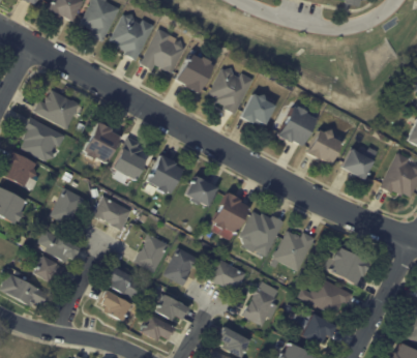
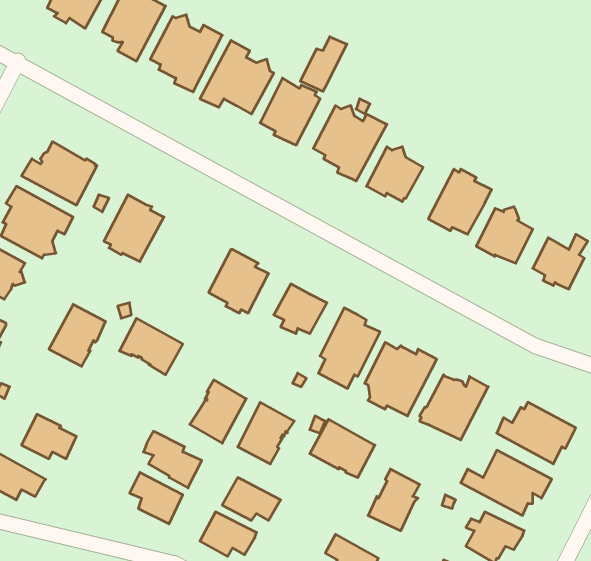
building: none -> [300,37,347,91]
building: [112,138,145,183] -> none
building: [37,230,80,262] -> none

